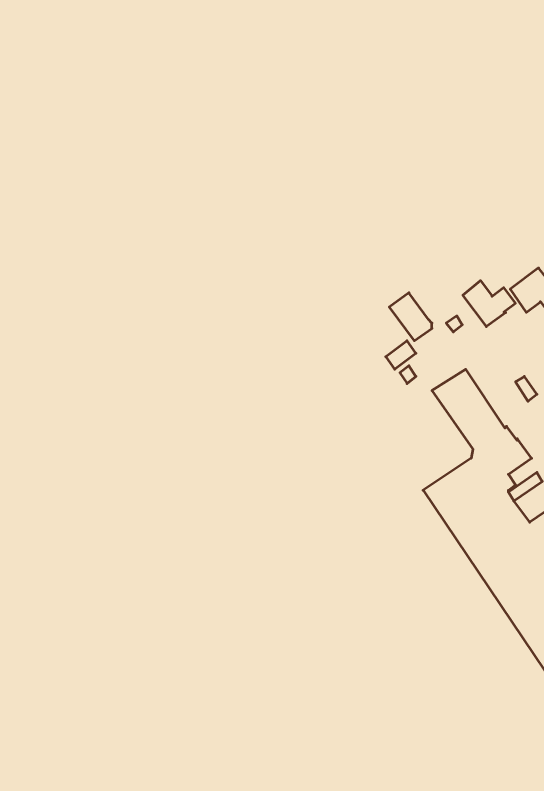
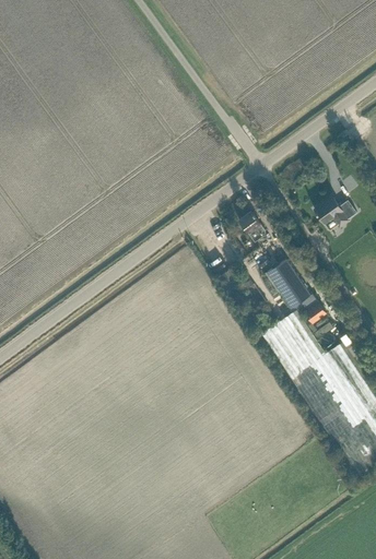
building: [463,281,515,327] -> none

